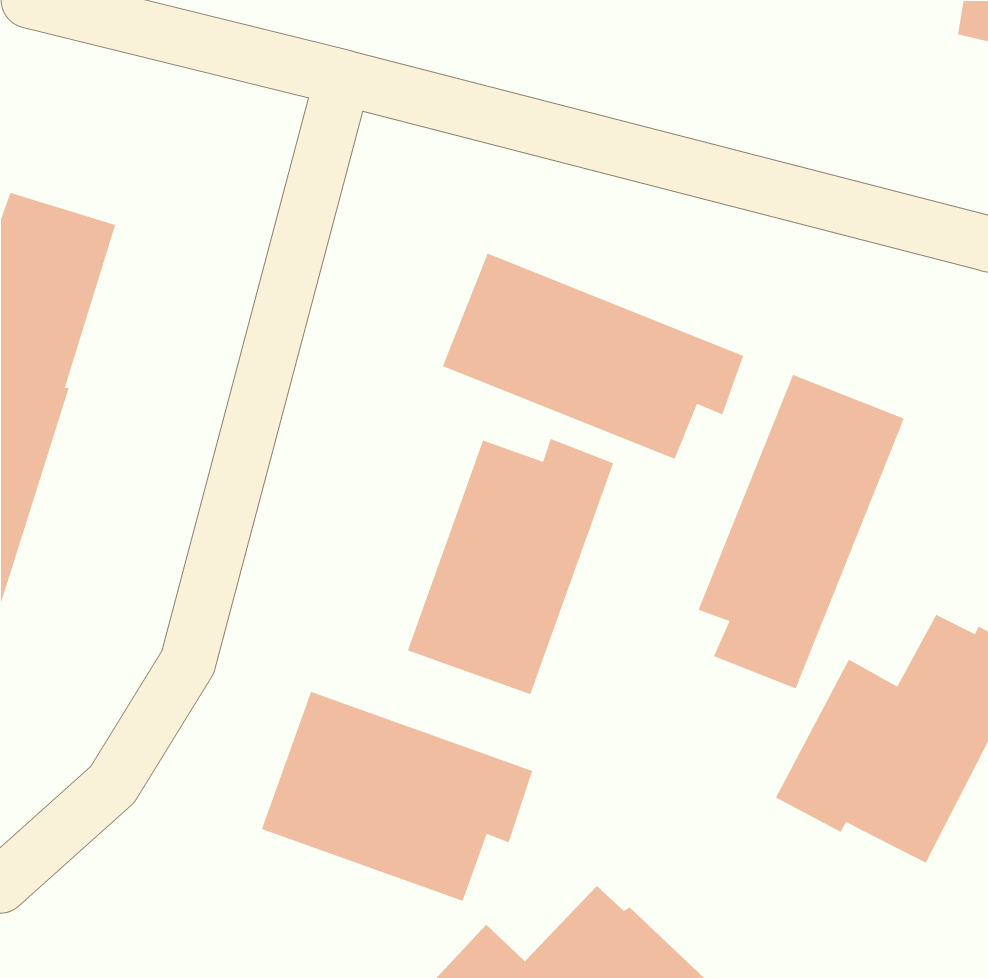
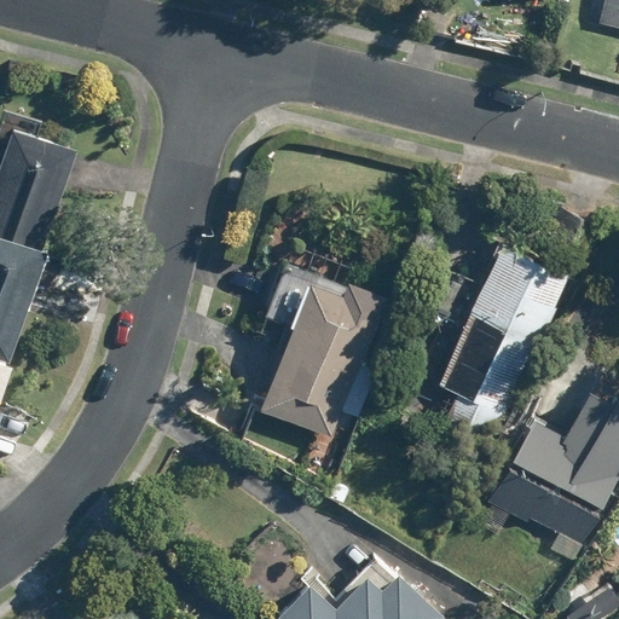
building: [442,253,744,460] -> none
building: [261,691,533,902] -> none

